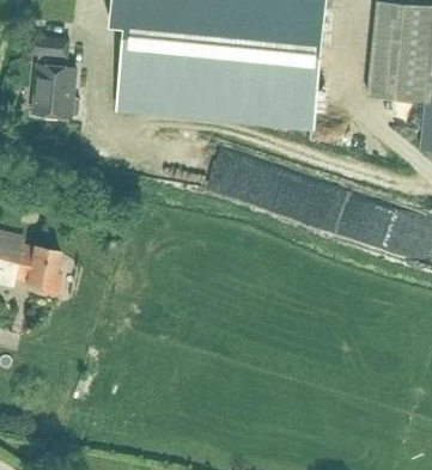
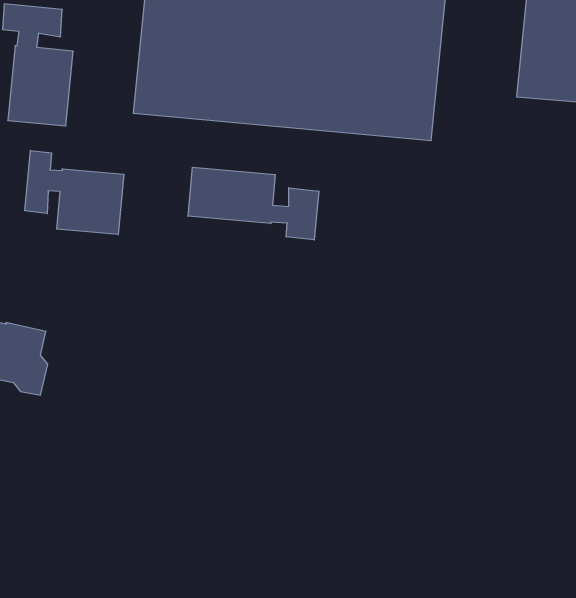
building: none -> [25,150,124,235]
building: none -> [188,167,319,240]

